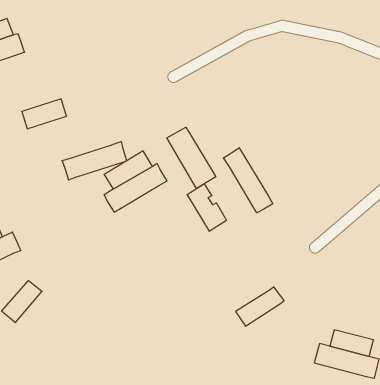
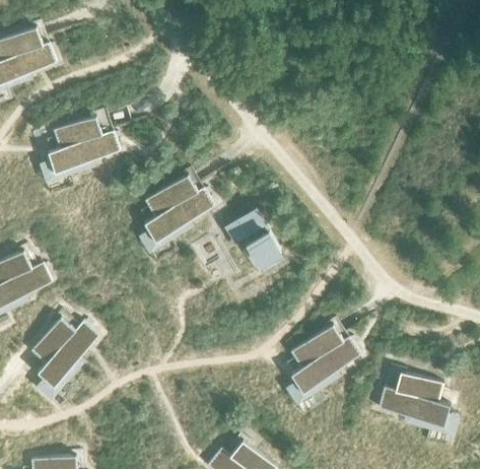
building: [167,127,216,189] -> none
building: [62,142,127,180] -> [47,131,119,174]
building: [224,148,273,213] -> none
building: none -> [37,322,98,388]
building: none -> [290,337,360,394]

